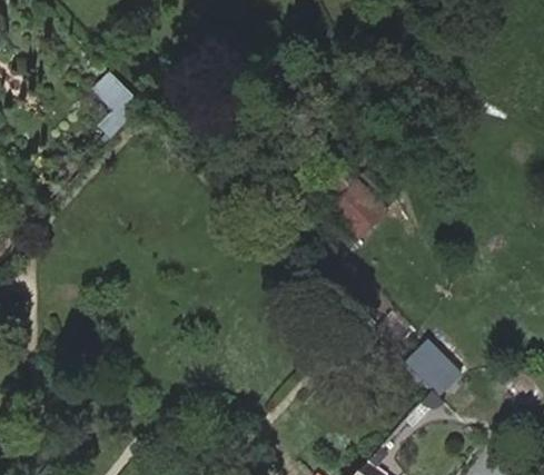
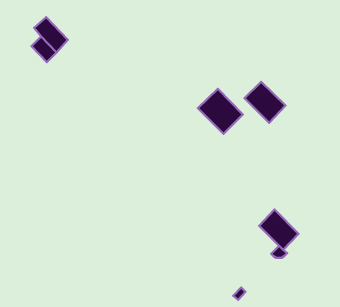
building: none -> [245,82,286,123]

